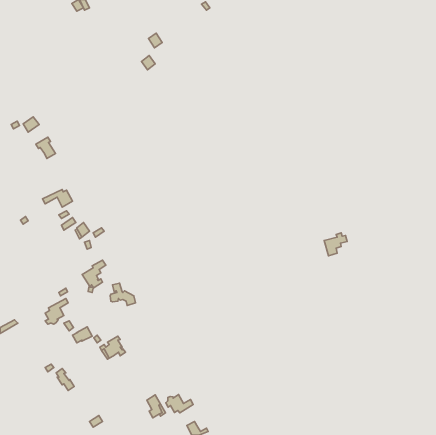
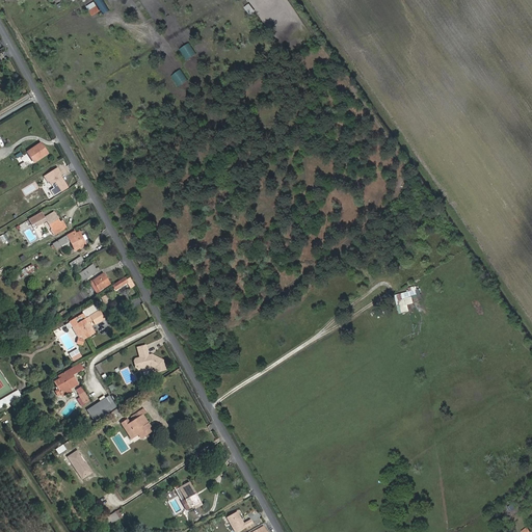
building: none -> [28,210,65,234]
building: [82,260,106,292] -> [69,304,98,344]
building: [166,395,193,413] -> none

